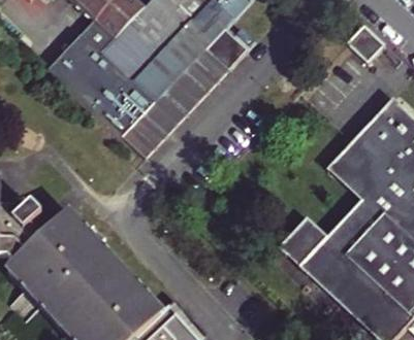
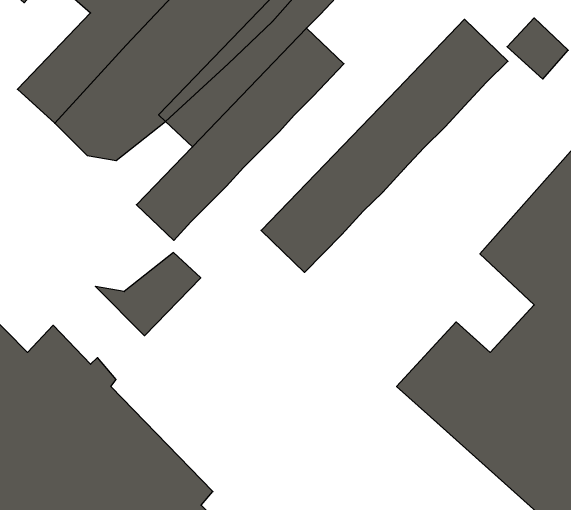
building: none -> [261,19,508,272]
building: [92,87,156,137] -> [95,253,201,336]

